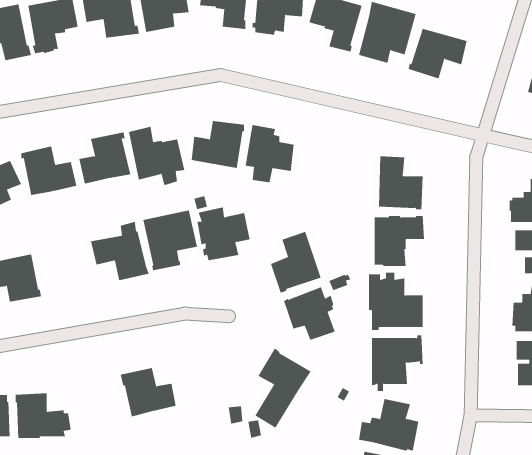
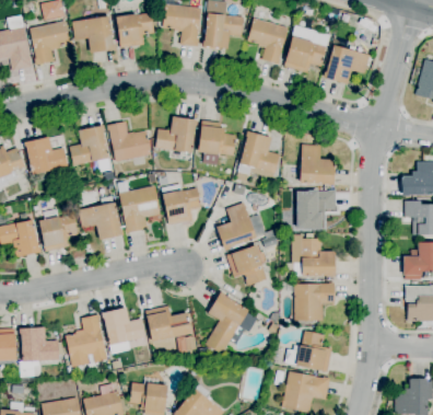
building: none -> [236,131,281,182]
building: none -> [39,214,79,251]
building: none -> [147,306,192,342]
building: none -> [66,314,108,367]

